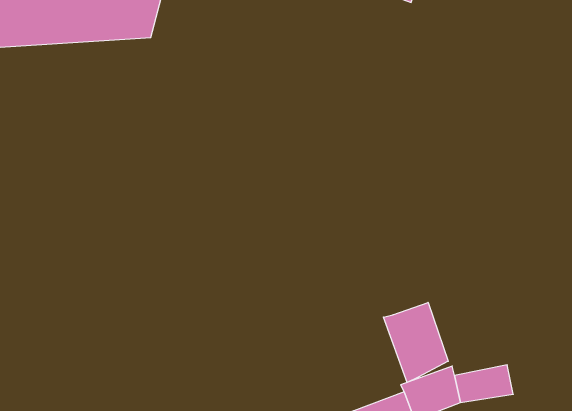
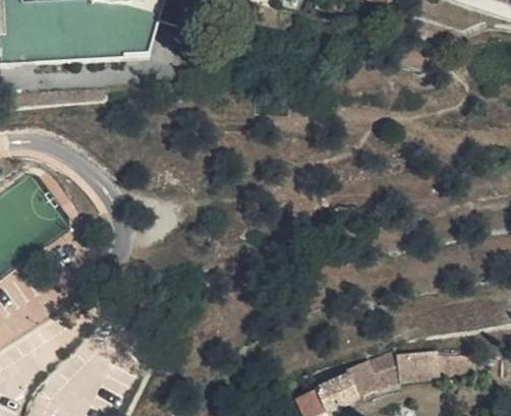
building: [383,302,448,382] -> none

